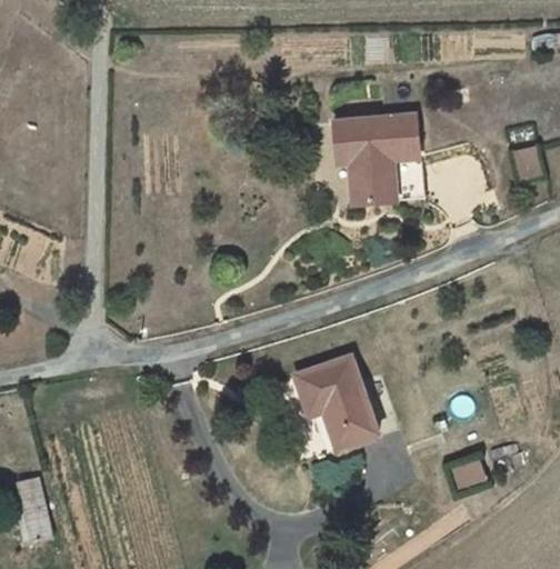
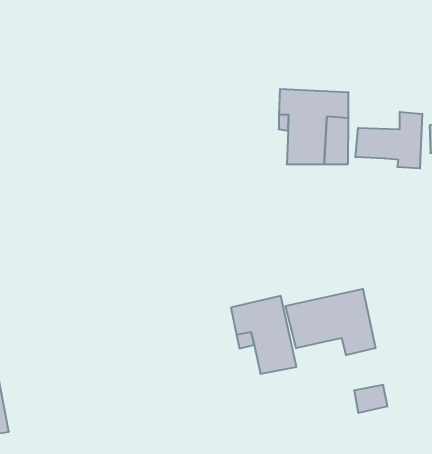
building: none -> [355,112,422,169]
building: none -> [286,289,375,355]

